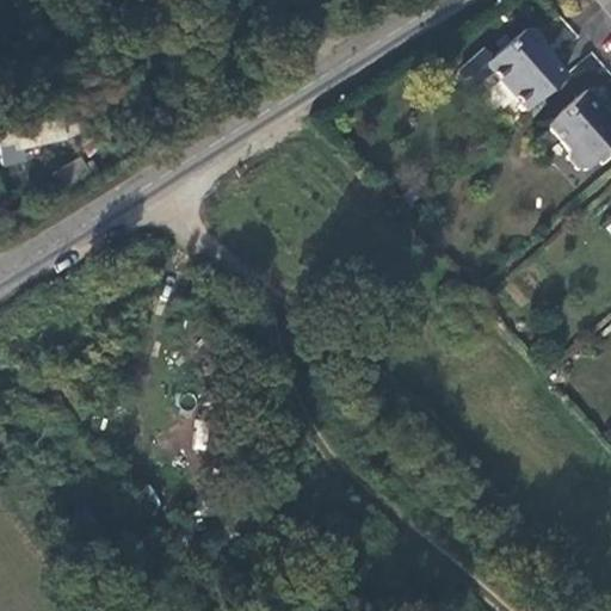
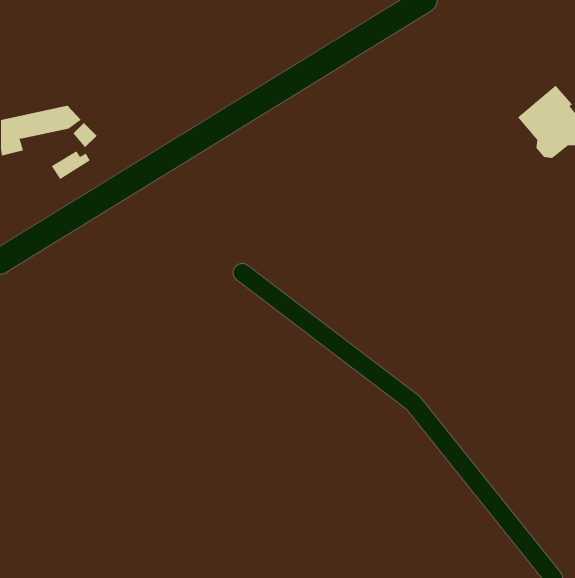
building: [488,29,567,110] -> none

